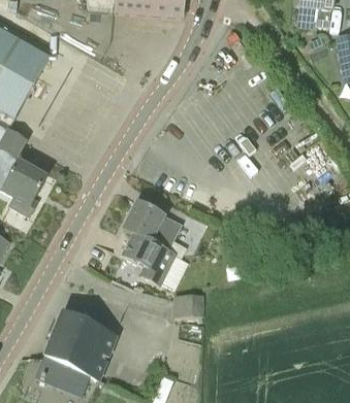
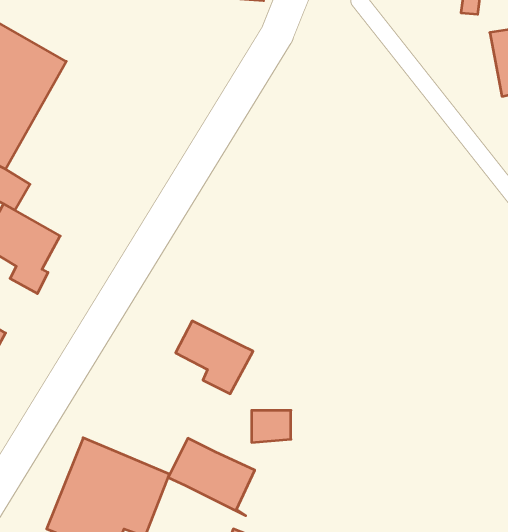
building: [123,201,182,254] -> [168,438,255,516]

